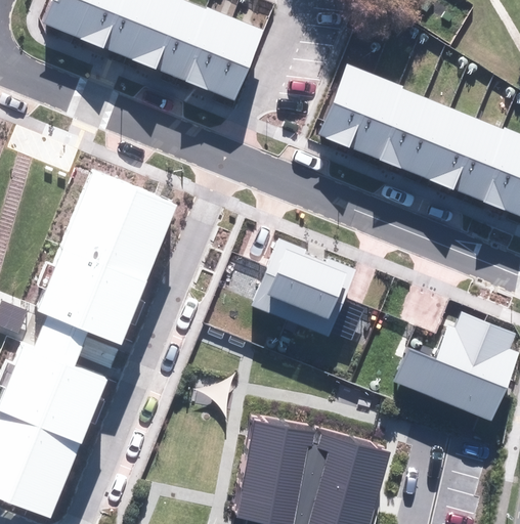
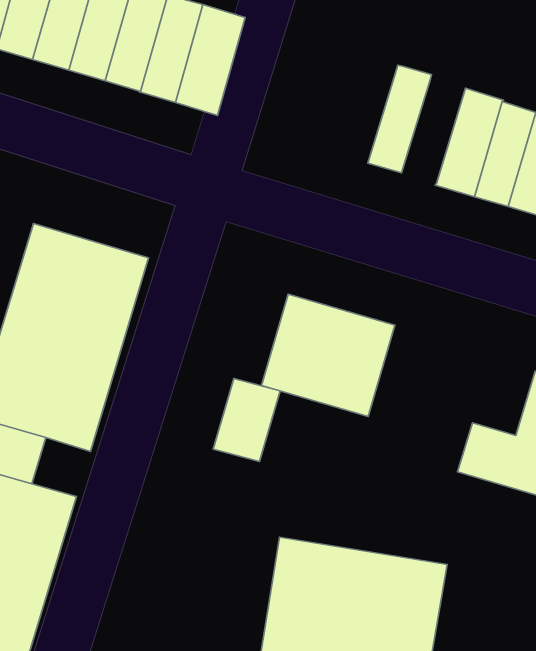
building: [319,64,375,146] -> none
building: [371,87,424,166] -> none
building: none -> [213,378,280,462]

